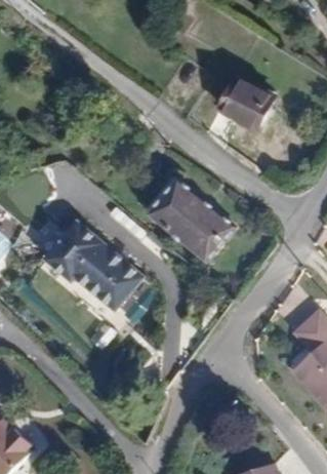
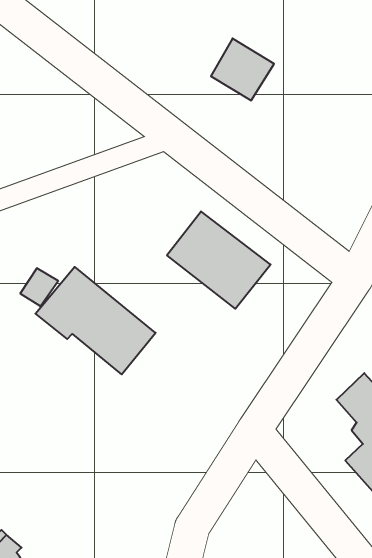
building: [222,72,274,122] -> [211,38,274,100]

